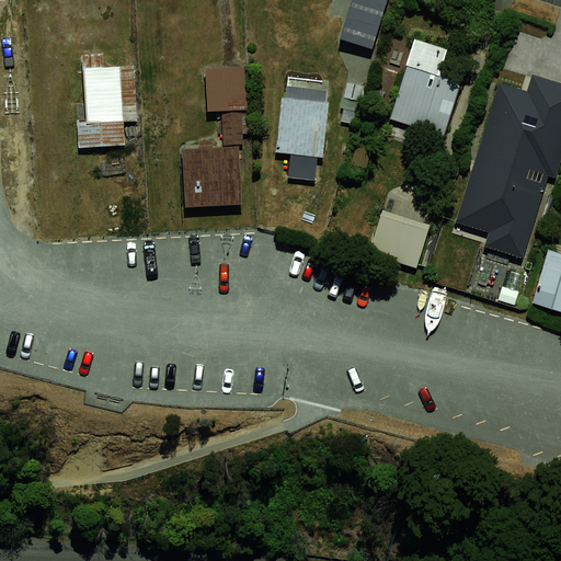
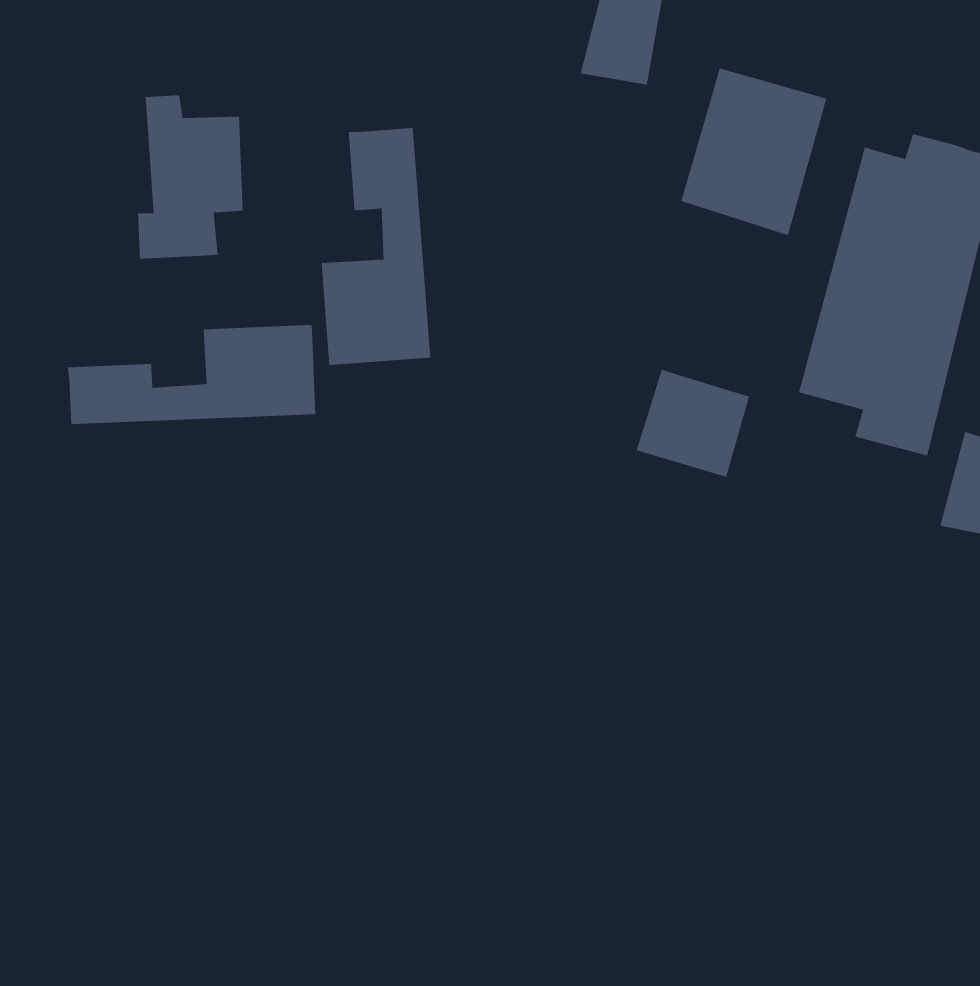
building: [274,84,329,161] -> none
building: none -> [67,324,316,425]

